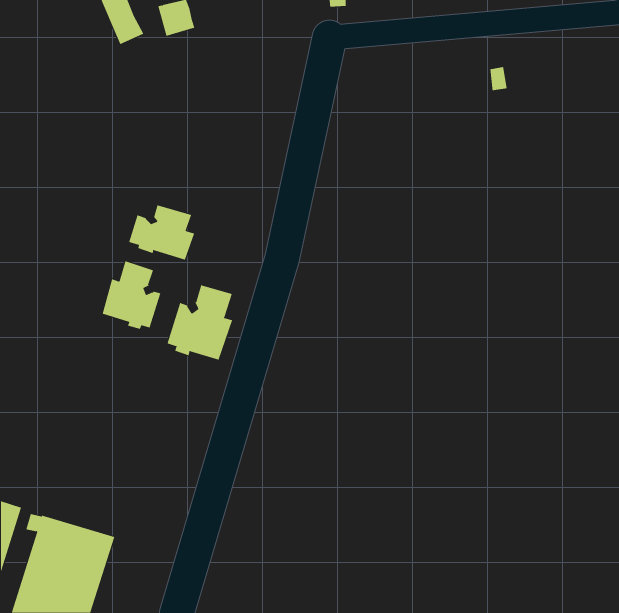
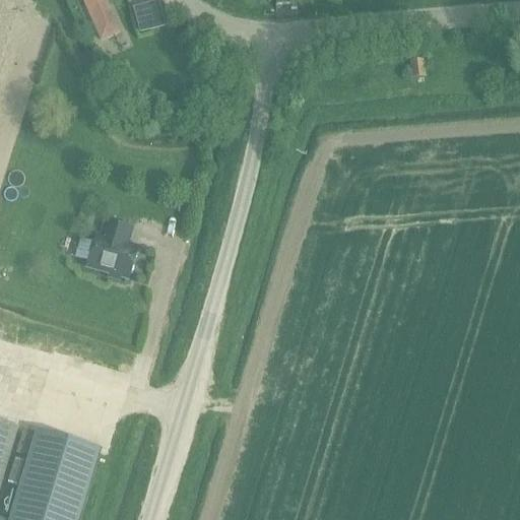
building: [129,204,195,260] -> none
building: [167,284,233,360] -> none

